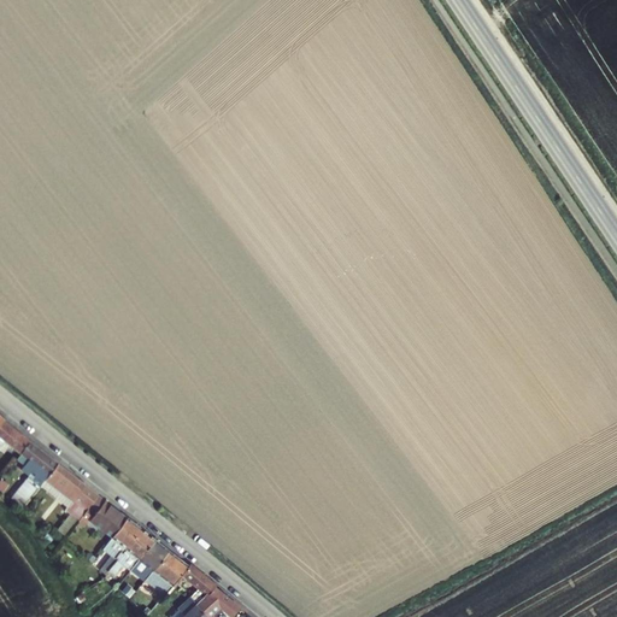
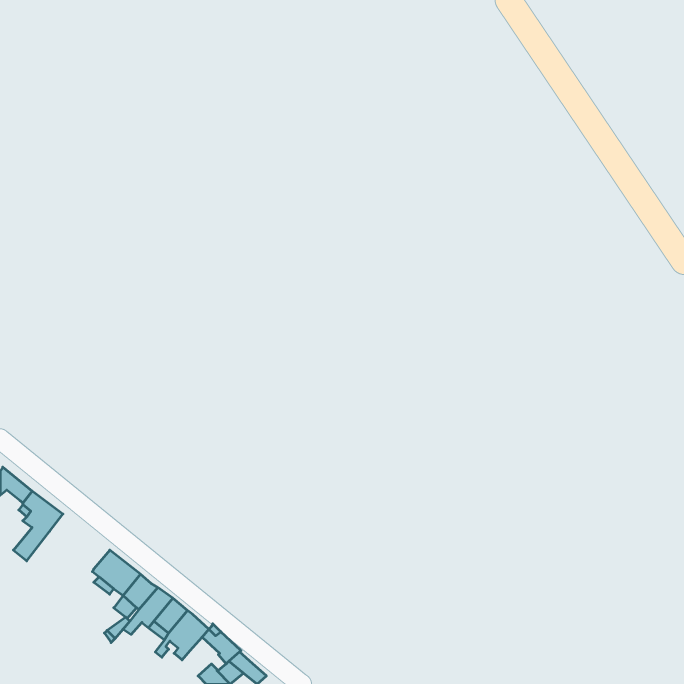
building: [45,463,99,521] -> none

